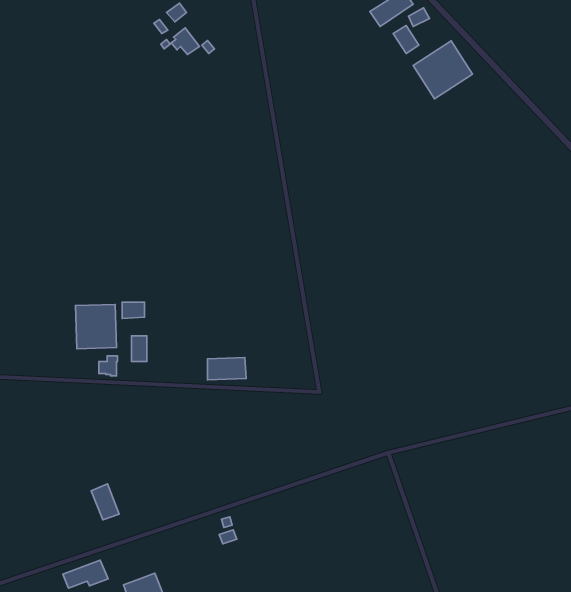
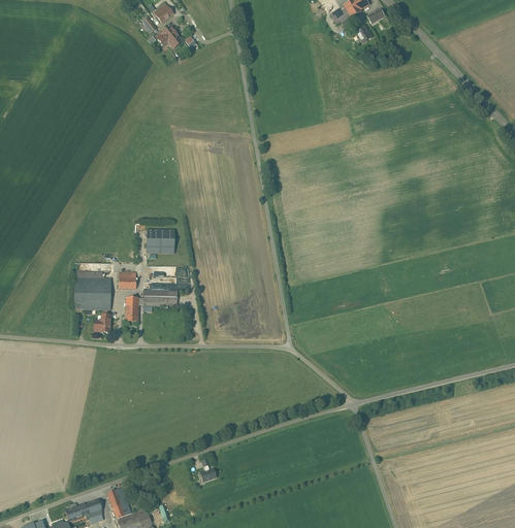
building: [413,41,473,99] -> none
building: none -> [148,233,174,256]
building: [208,358,246,380] -> [143,287,178,306]
building: [91,484,119,520] -> [106,486,131,518]

